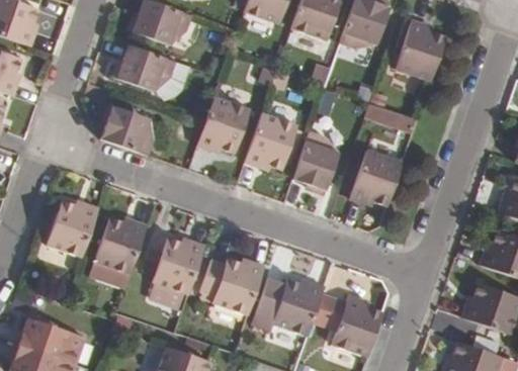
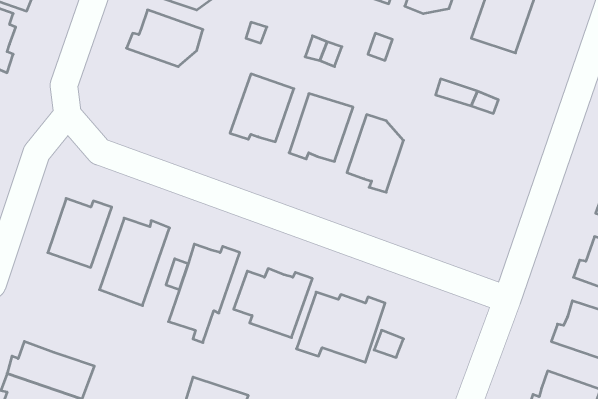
building: [101,104,155,156] -> none
building: [350,149,403,205] -> none
building: [331,294,381,356] -> none

